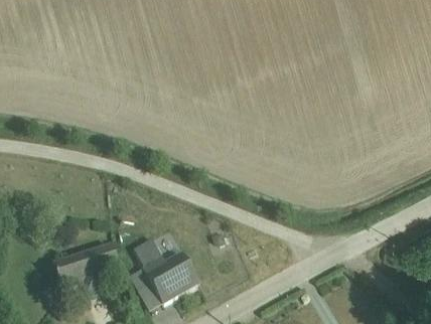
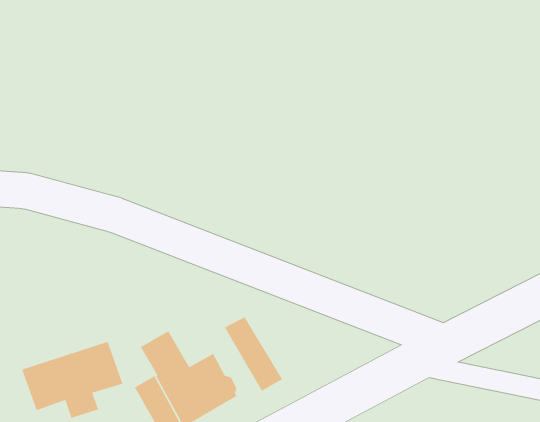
building: none -> [224,316,283,392]

